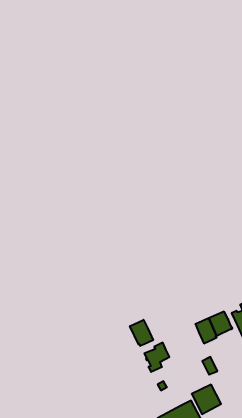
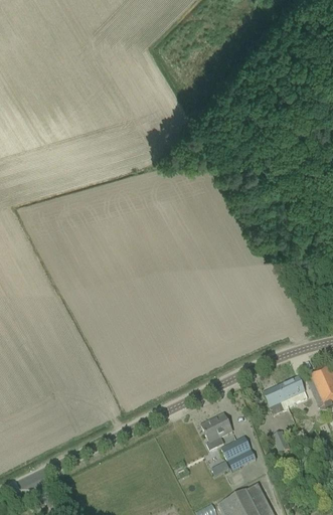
building: [130,320,153,346] -> none
building: [192,385,221,414] -> [220,436,256,471]

